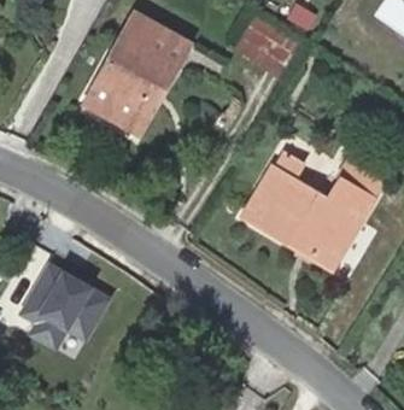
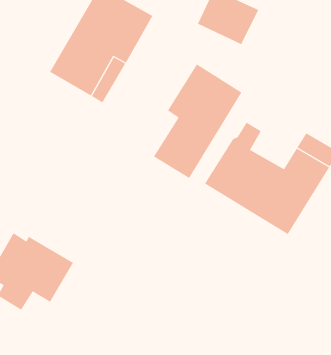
building: none -> [153,64,242,179]

